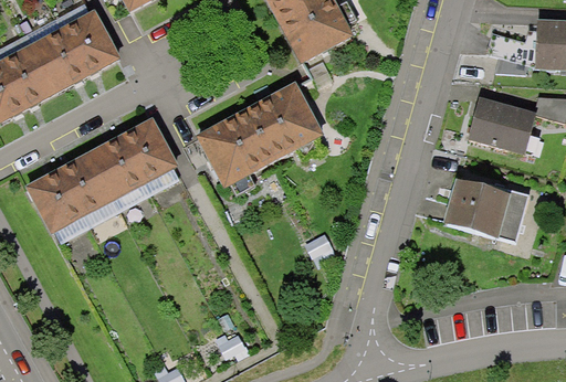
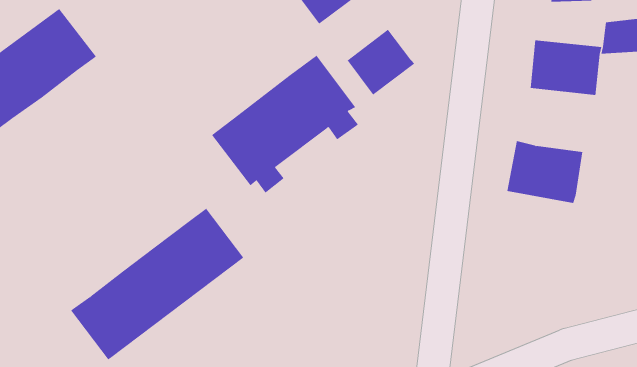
building: none -> [347,29,415,96]
building: [28,120,176,232] -> [70,208,244,360]
building: [464,174,526,240] -> none

